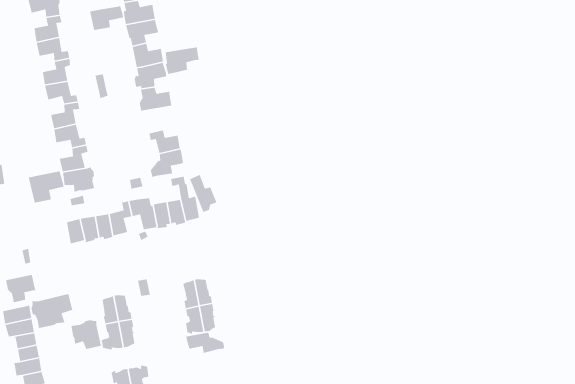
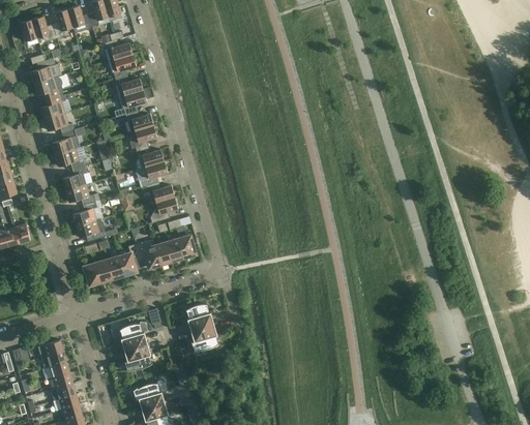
building: [89,5,124,31] -> none
building: [165,46,200,74] -> [138,160,168,186]
building: [28,170,64,204] -> none
building: [188,174,218,213] -> none
building: [5,274,36,303] -> none
building: [31,293,74,329] -> none
building: [70,320,102,350] -> none
building: [185,332,225,354] -> none

